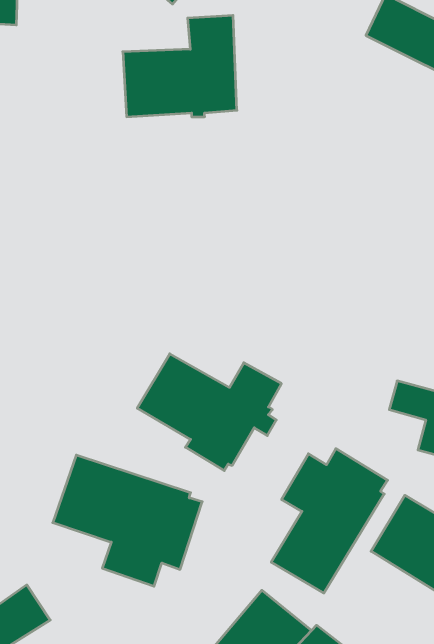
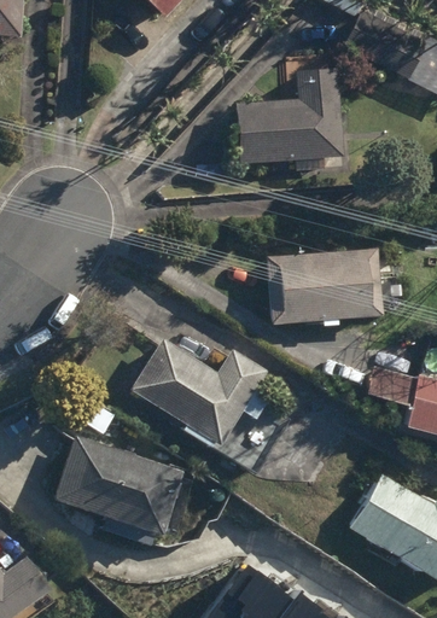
building: [123,15,237,117] -> [237,69,343,163]
building: none -> [266,249,384,327]
building: [271,449,388,593] -> none

